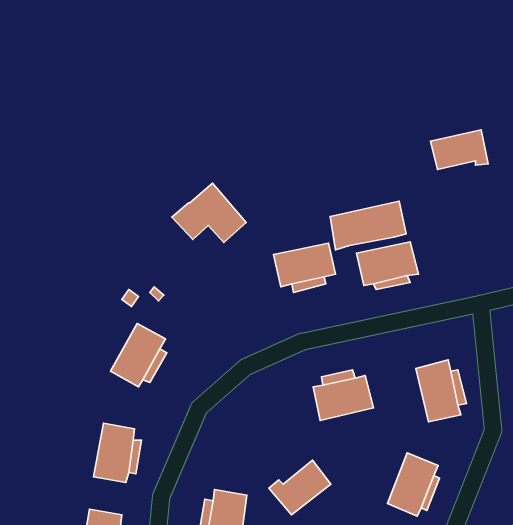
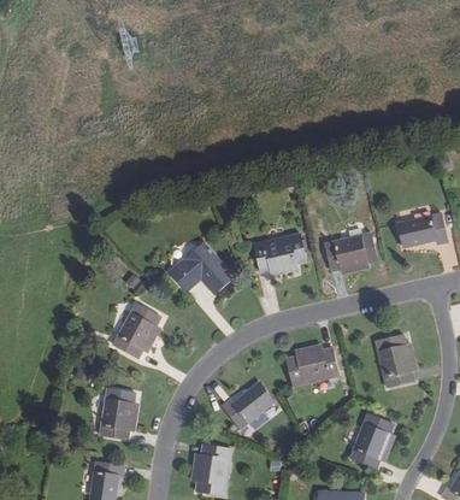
building: [430,130,488,169] -> [397,213,447,247]
building: [172,183,246,242] -> [169,242,232,293]
building: [330,201,406,250] -> none
building: [269,460,331,515] -> [220,382,273,429]

